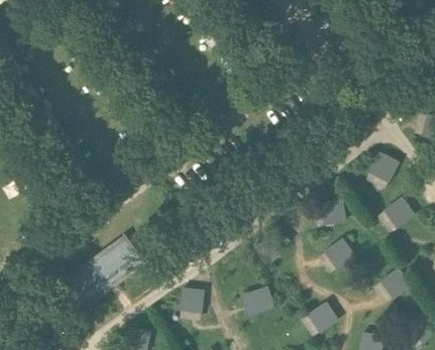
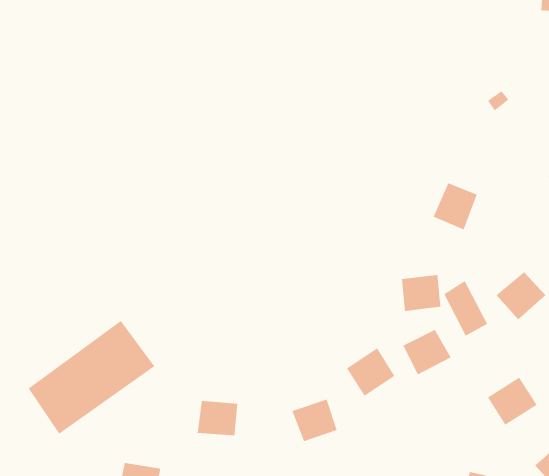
building: [370,151,401,184] -> [433,183,477,230]
building: none -> [443,280,488,336]
building: [302,300,335,333] -> [346,348,395,397]

